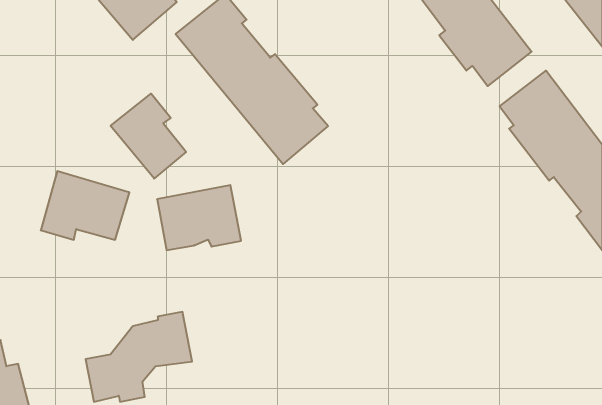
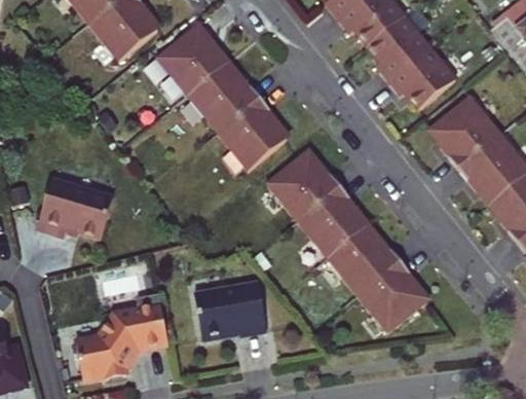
building: [111,94,186,179] -> none
building: none -> [265,150,426,331]
building: [157,185,241,250] -> [192,281,265,337]

